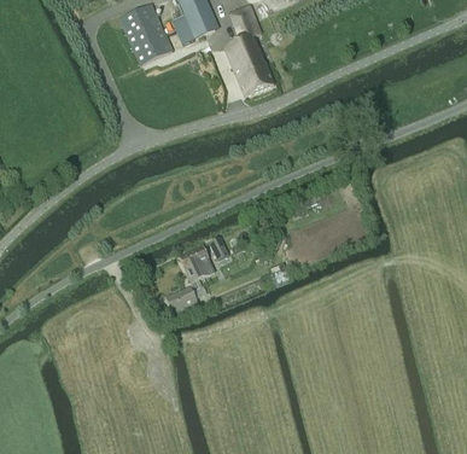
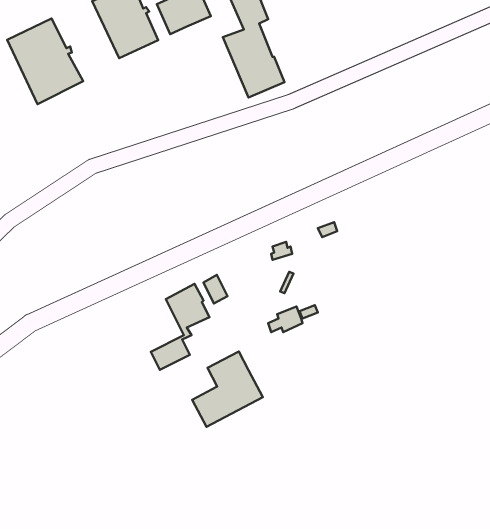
building: none -> [7,18,83,104]
building: none -> [192,351,263,427]

